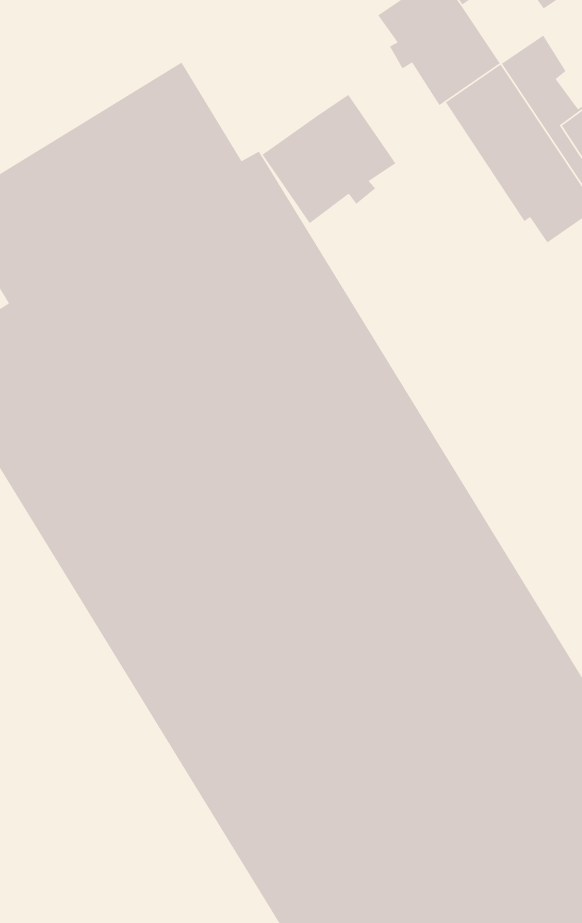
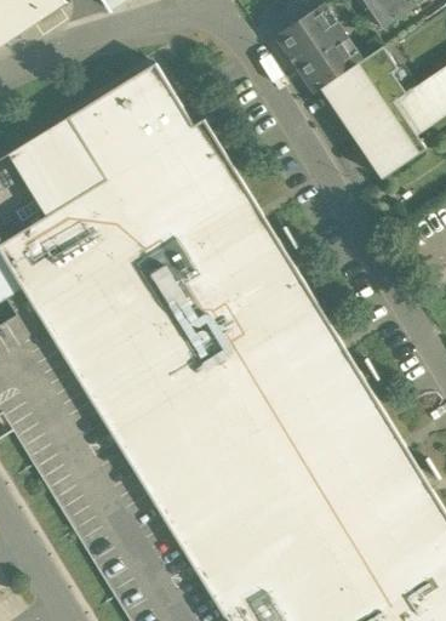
building: [262,94,397,224] -> none

